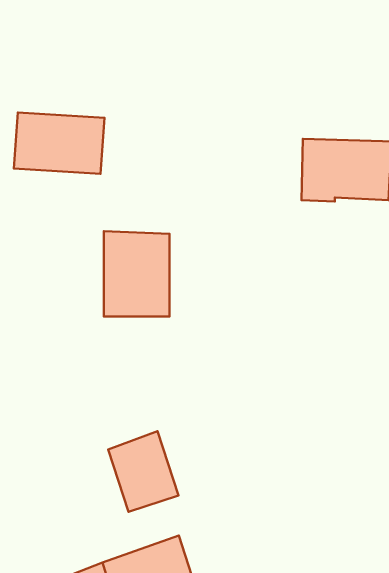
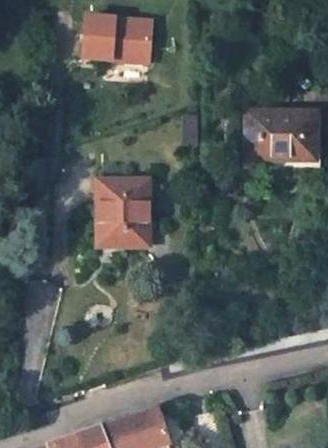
building: [14,112,105,174] -> [84,23,152,69]
building: [108,431,179,512] -> none

